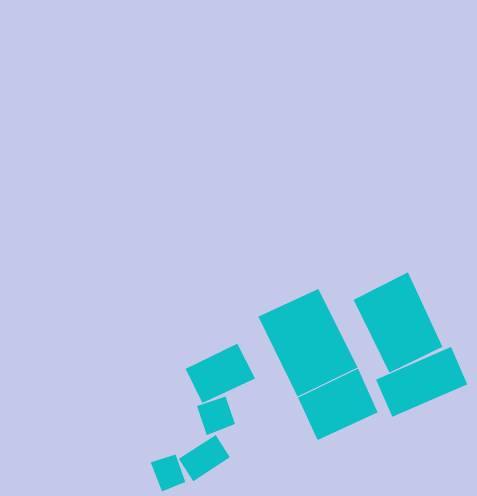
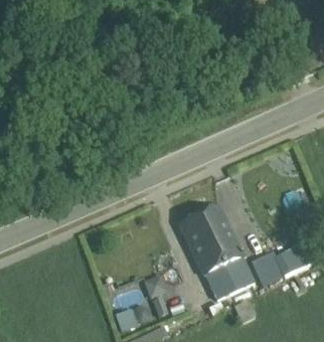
building: [353,272,443,373] -> none
building: [185,343,256,404] -> none

